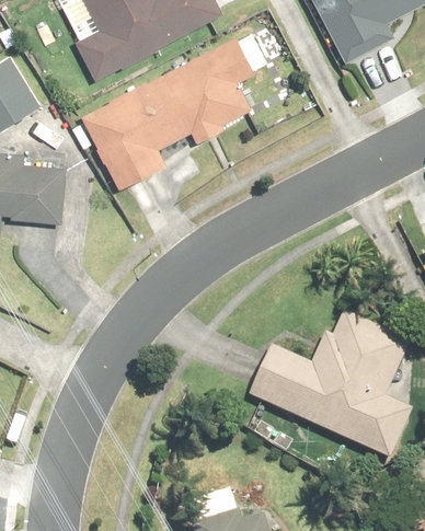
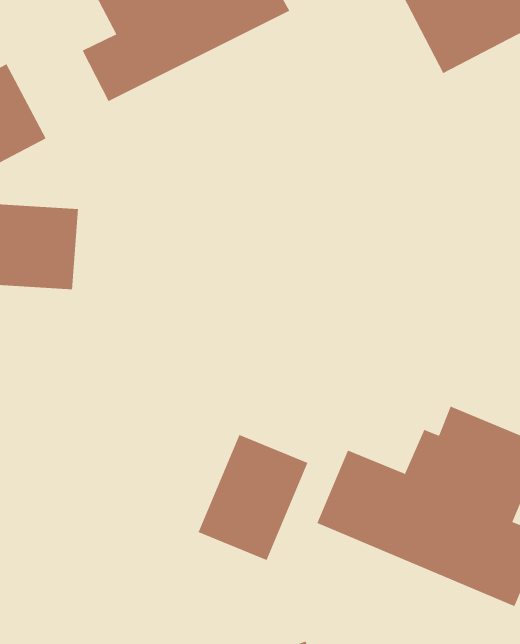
building: [79,38,264,193] -> none
building: none -> [198,434,308,561]

